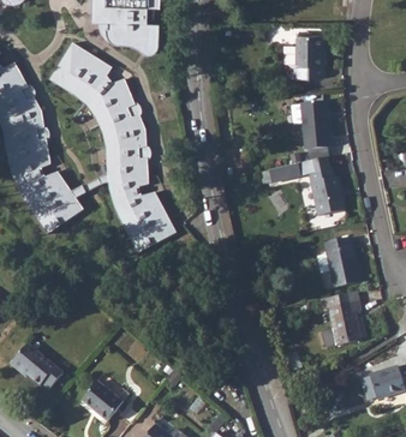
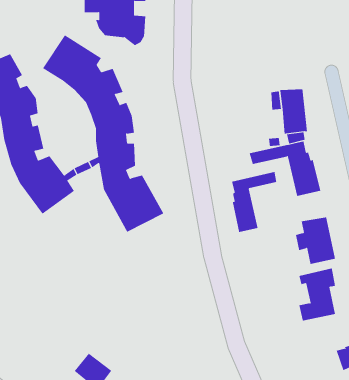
building: [282,34,323,78] -> none
building: none -> [231,171,277,233]
building: [10,342,62,388] -> none

